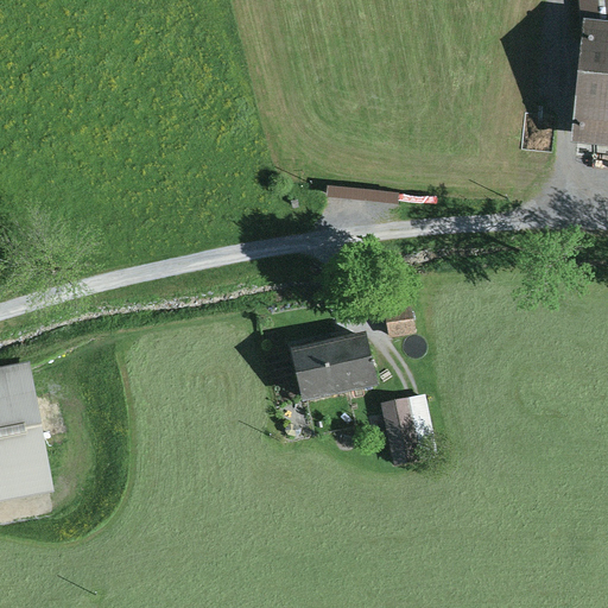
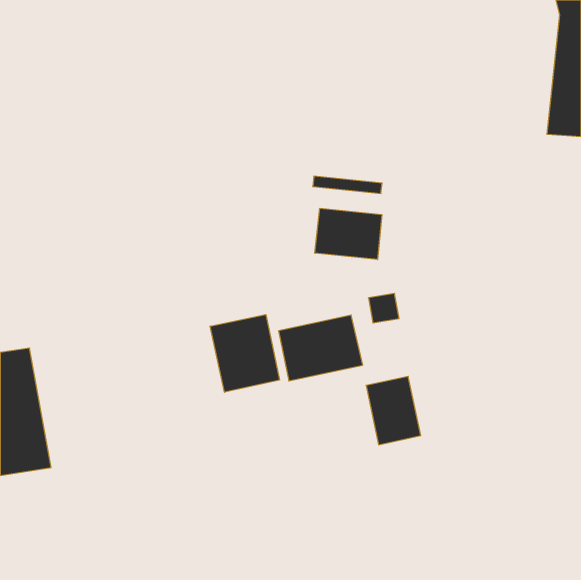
building: none -> [315,208,382,260]
building: none -> [210,315,279,392]

